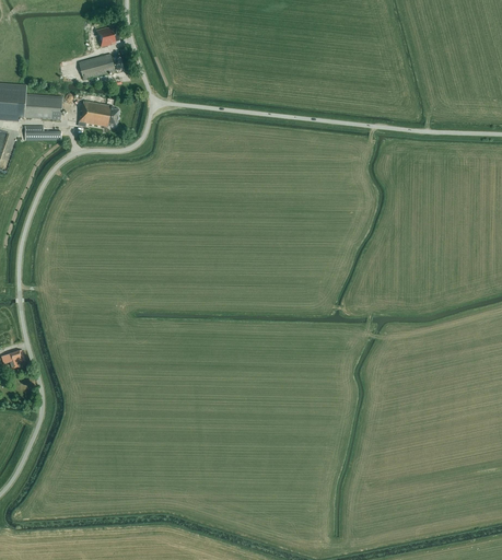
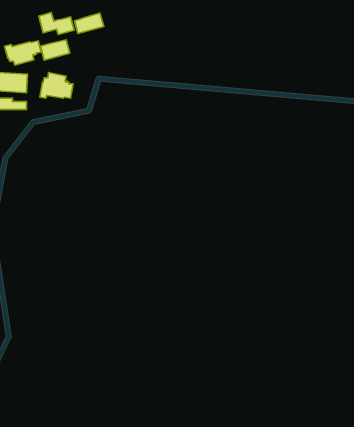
building: none -> [74,13,104,33]
building: none -> [4,41,41,65]

